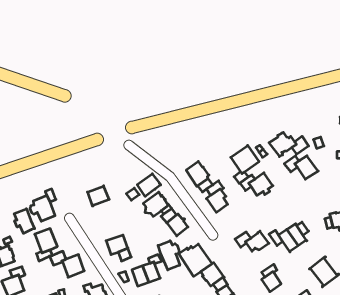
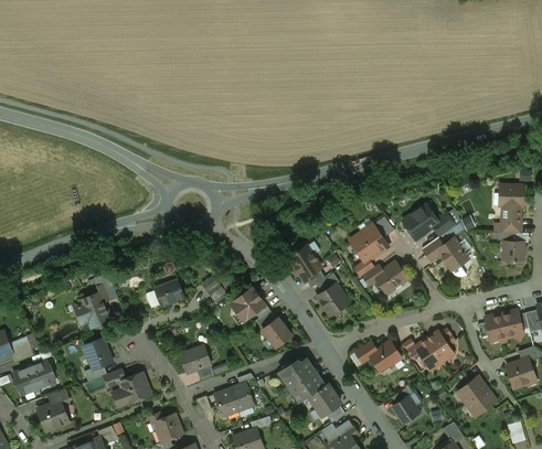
building: [137,174,161,196] -> none
building: [14,209,35,233] -> none
building: [158,241,180,270] -> none

